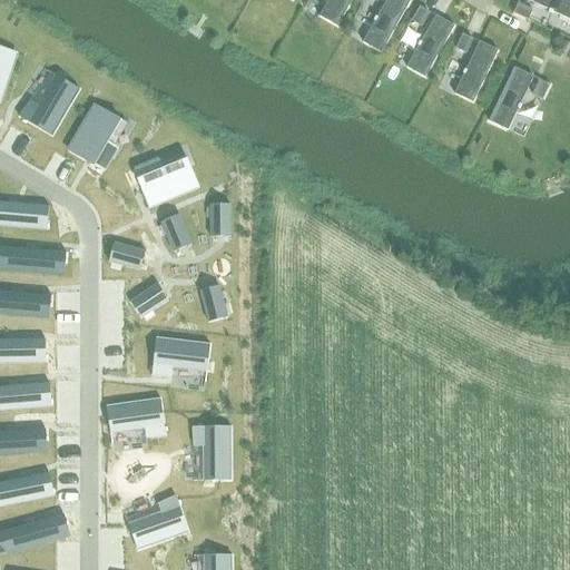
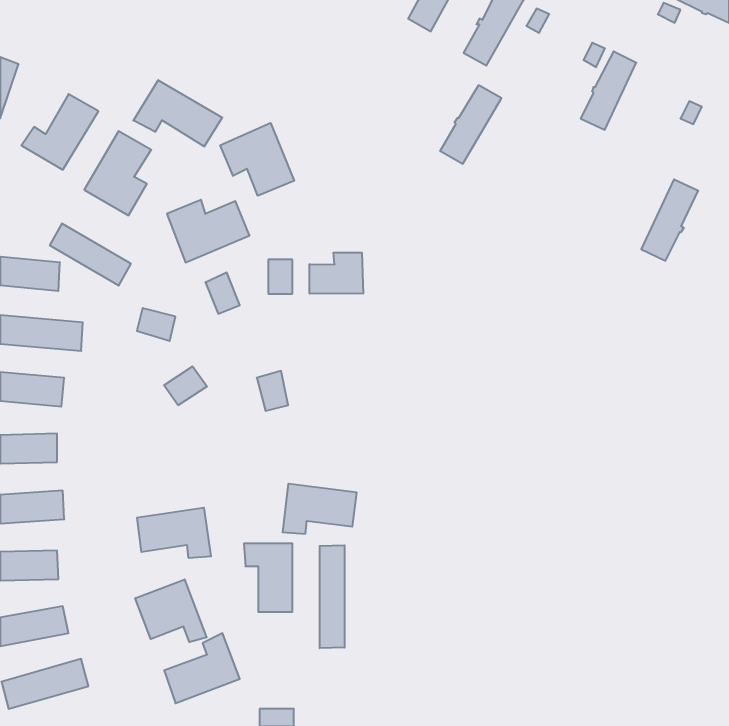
building: [405,14,453,76] -> [440,85,501,164]
building: none -> [133,80,222,147]
building: [488,66,532,129] -> [641,179,698,261]
building: none -> [220,123,294,196]
building: none -> [50,223,131,286]
building: none -> [310,253,363,294]
building: [150,335,208,374] -> [283,484,357,534]
building: none -> [320,545,345,648]
building: none -> [135,579,207,642]

